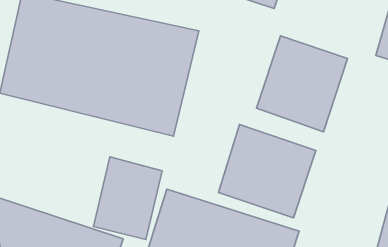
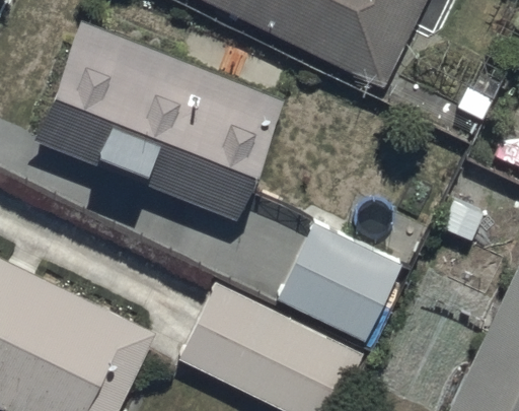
building: [256,36,347,132] -> none
building: [93,157,162,239] -> none

